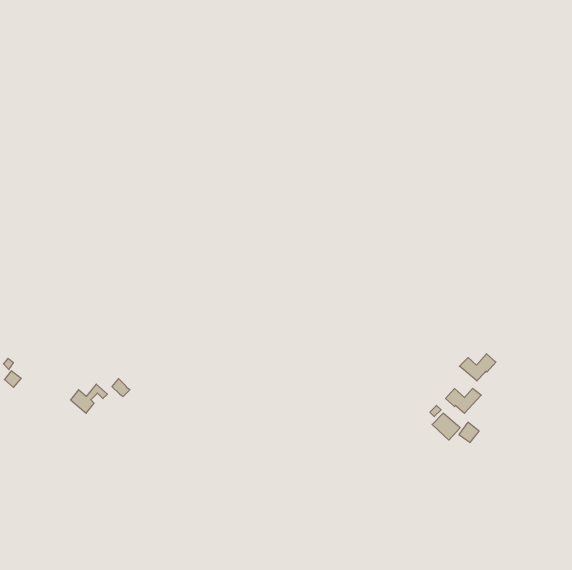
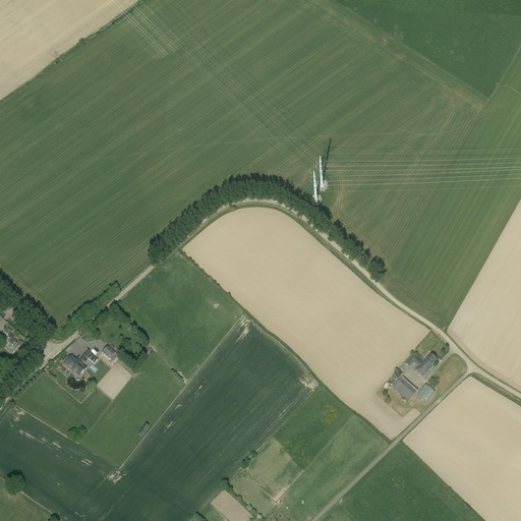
building: [459,354,496,381] -> none

